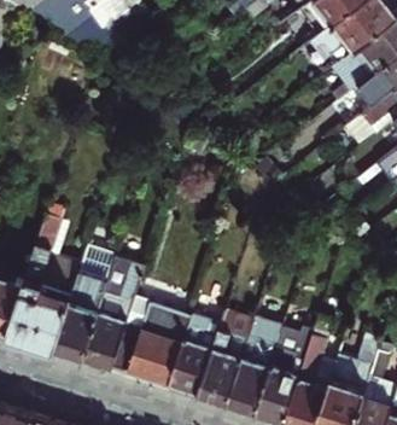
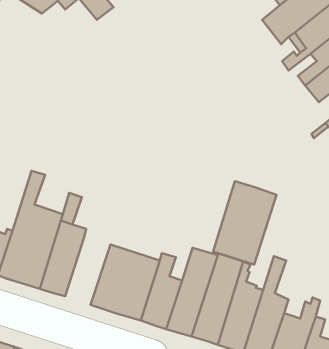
building: none -> [213,181,276,265]
building: [81,264,142,372] -> none

